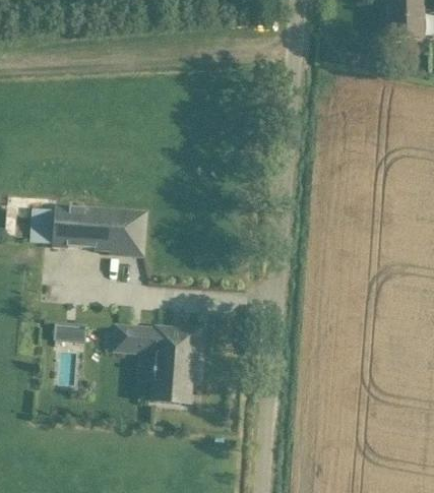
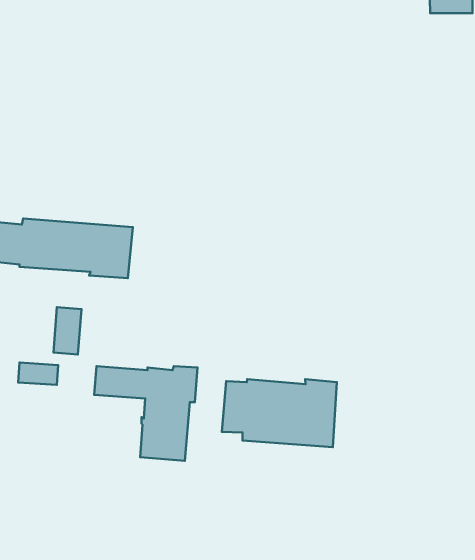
building: none -> [53,307,81,354]
building: none -> [222,379,337,447]

